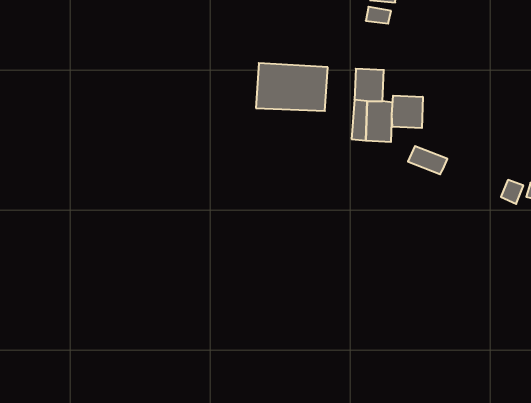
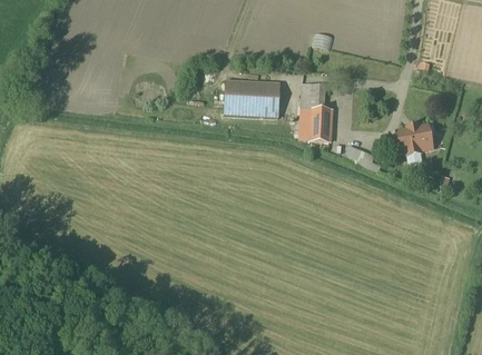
building: [392,96,423,128] -> none
building: none -> [396,122,434,154]

